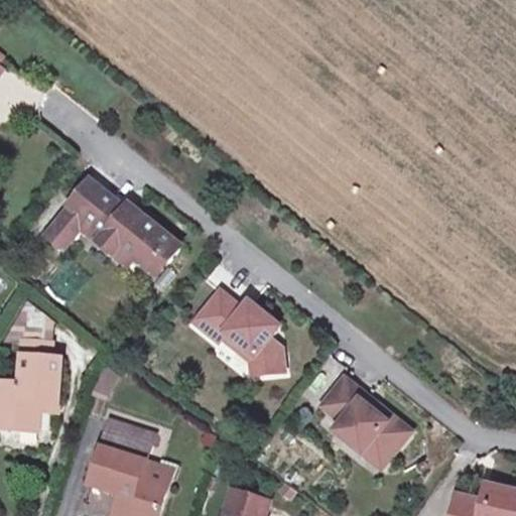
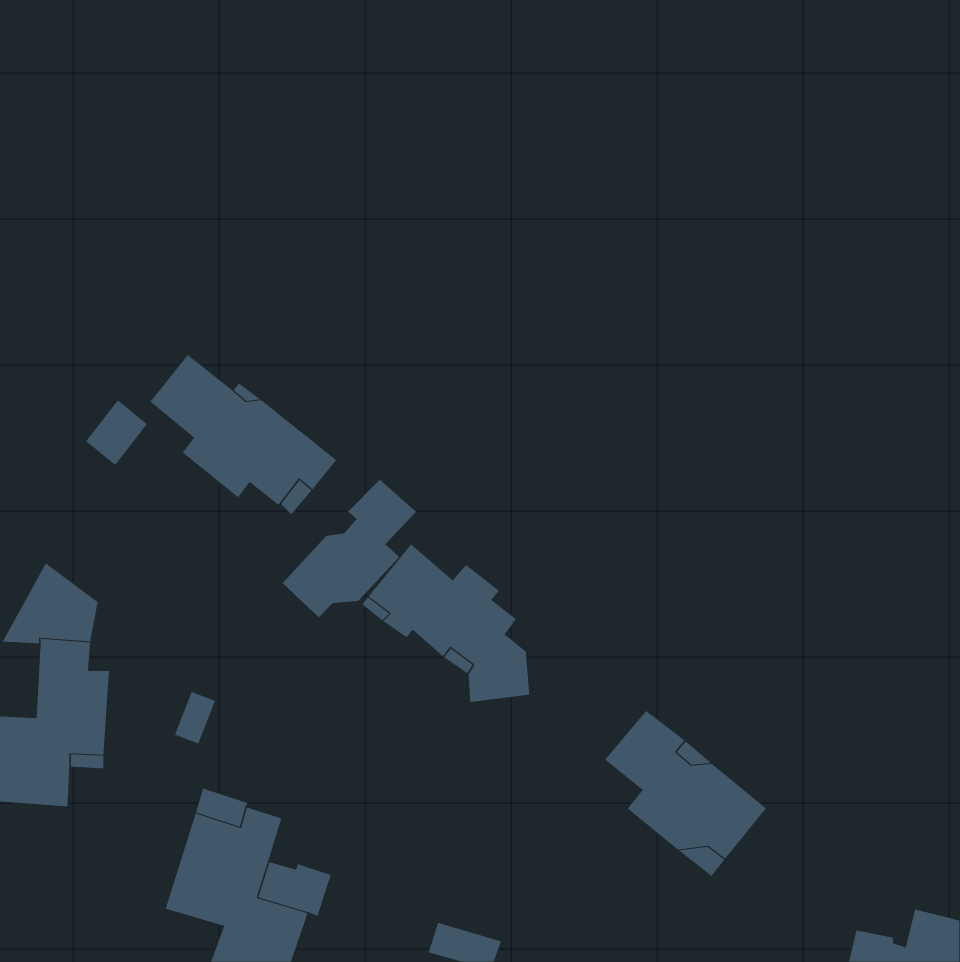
building: [62,179,103,241] -> none
building: none -> [282,479,417,618]

